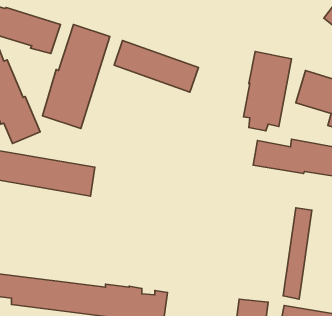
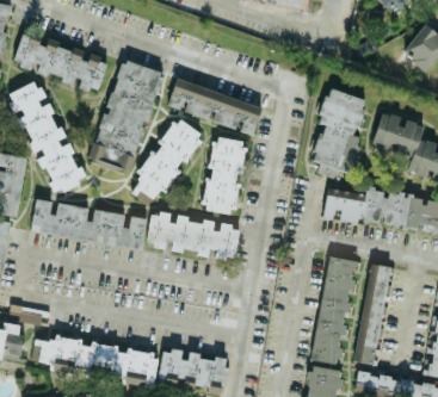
building: none -> [128,117,203,207]
building: none -> [203,136,246,215]
building: none -> [147,212,240,259]
building: none -> [314,256,354,364]

